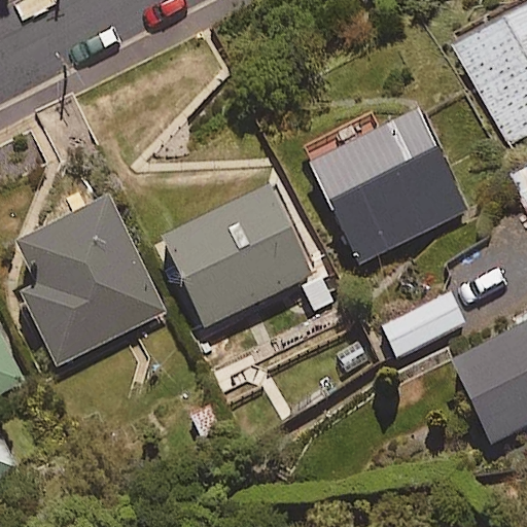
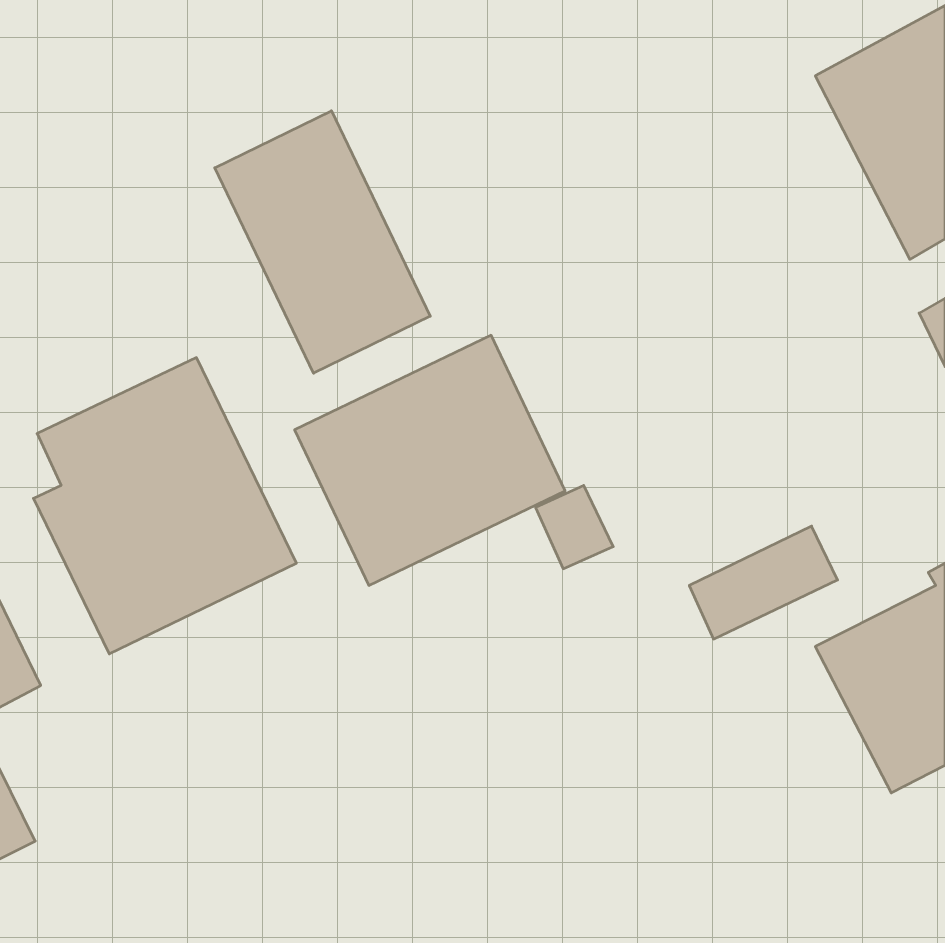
building: none -> [215,111,430,373]
building: [303,107,470,261] -> none

